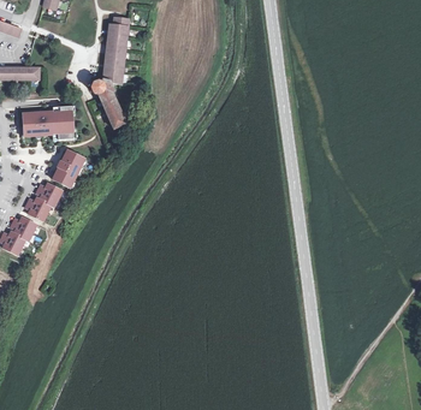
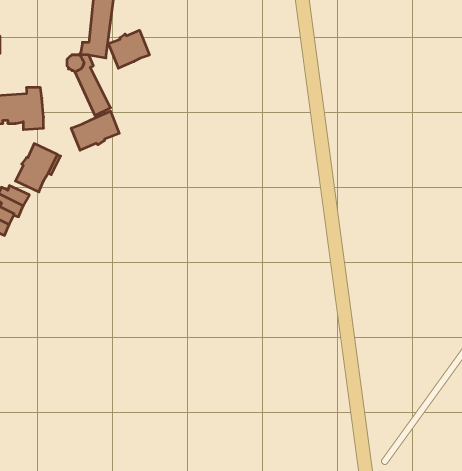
building: none -> [108,30,149,68]
building: none -> [71,111,119,150]

